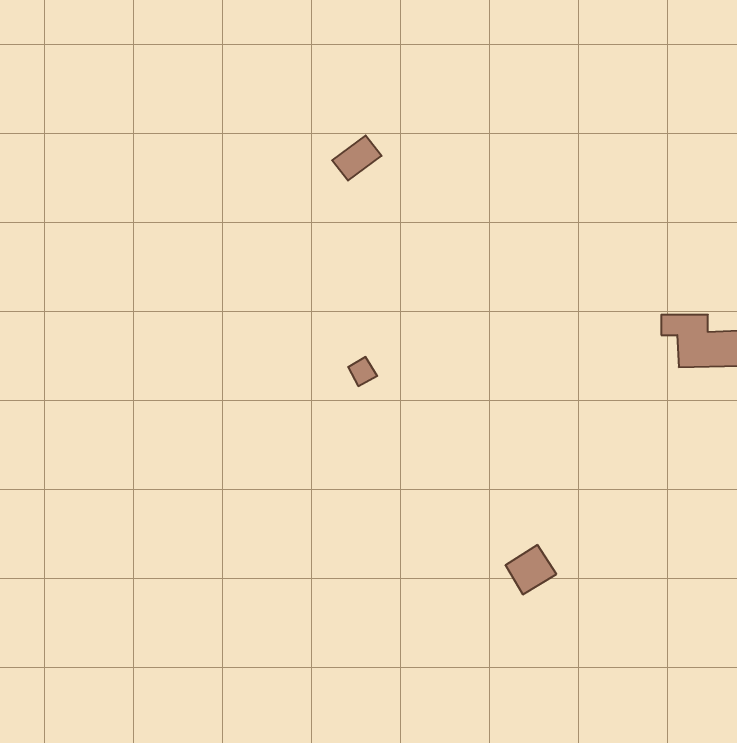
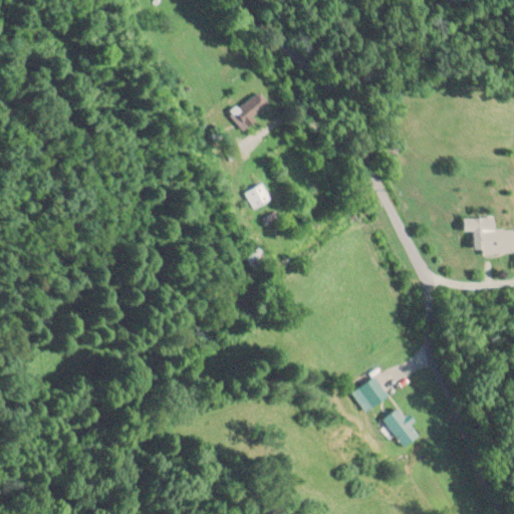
building: none -> [246,183,272,209]
building: none -> [382,408,422,448]

